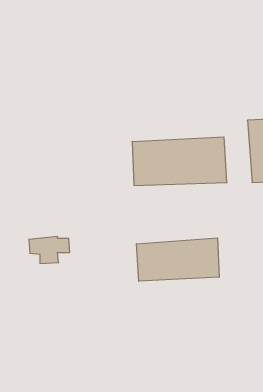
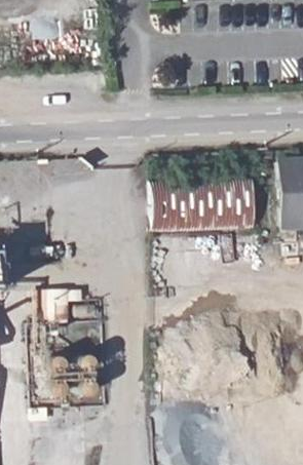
building: [136,238,219,281] -> none

